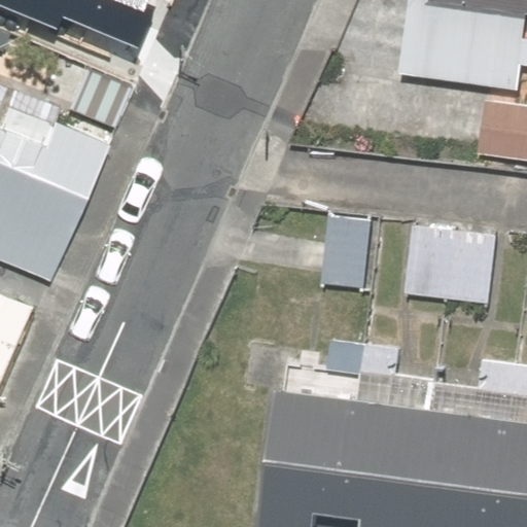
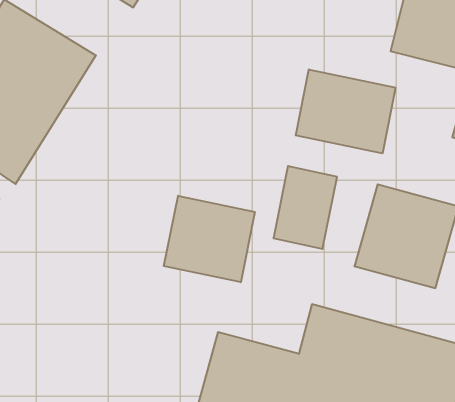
building: none -> [296,69,396,153]
building: none -> [164,196,255,282]

